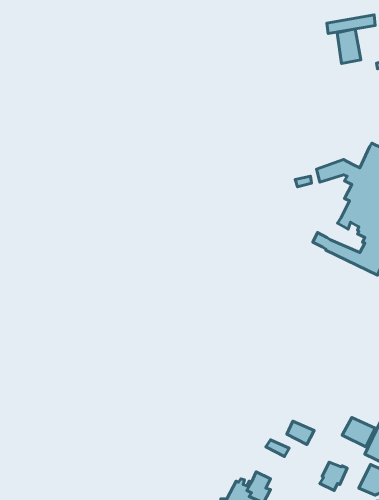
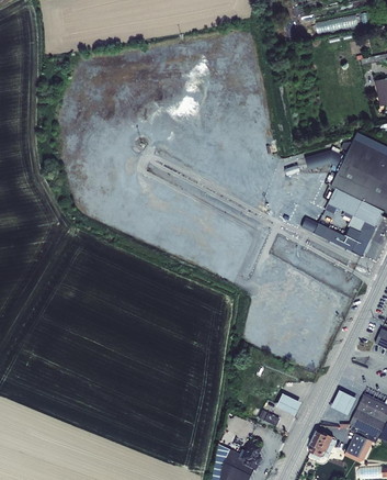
building: [337,29,361,63] -> none

